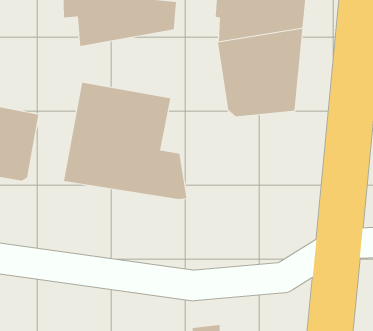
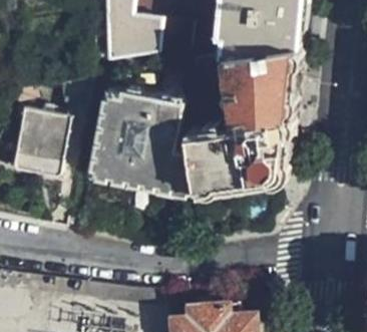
building: none -> [188,118,292,195]

